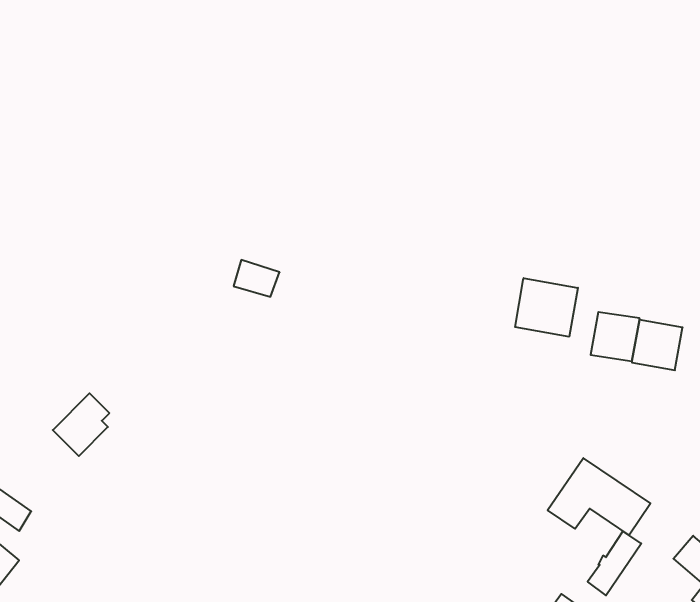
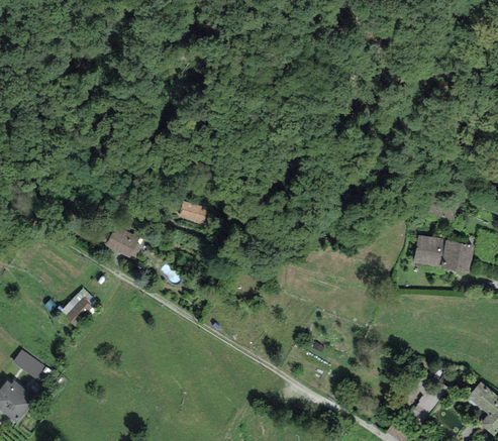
building: [515,278,578,337] -> none
building: none -> [104,225,142,257]
building: [548,458,650,535] -> none

